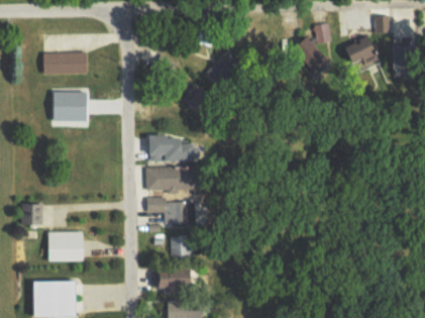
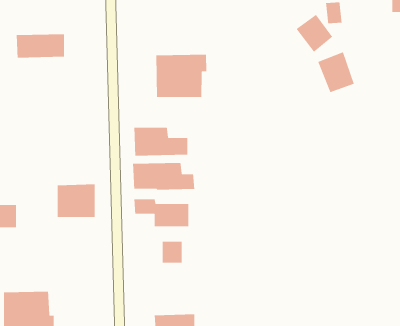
building: [345,36,379,74] -> [317,51,355,93]
building: none -> [155,54,207,98]
building: [51,91,87,121] -> none
building: [48,231,83,261] -> [57,184,96,218]
building: [154,268,187,292] -> none

